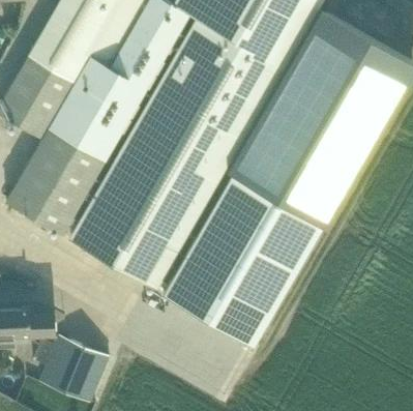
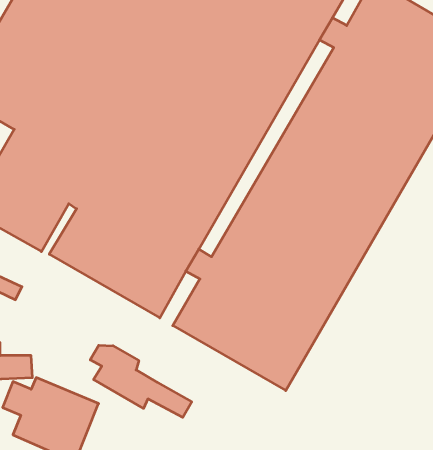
building: none -> [90,345,192,417]

